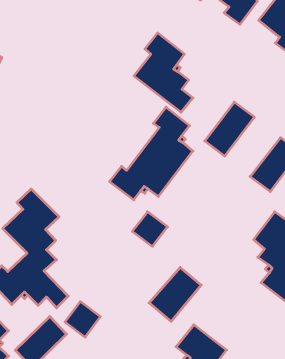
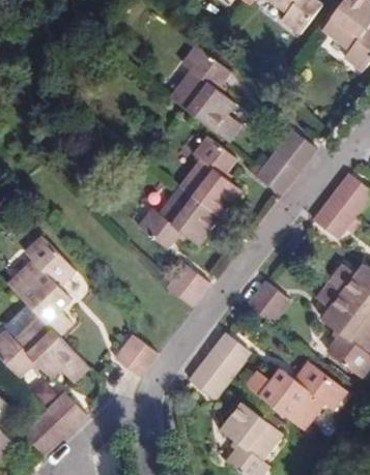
building: none -> [246,280,287,323]
building: none -> [245,361,346,431]
building: [65,302,100,337] -> [114,334,158,378]

